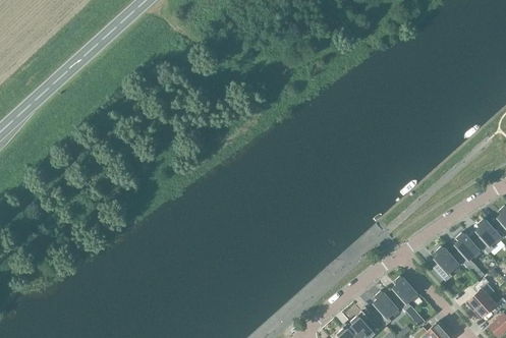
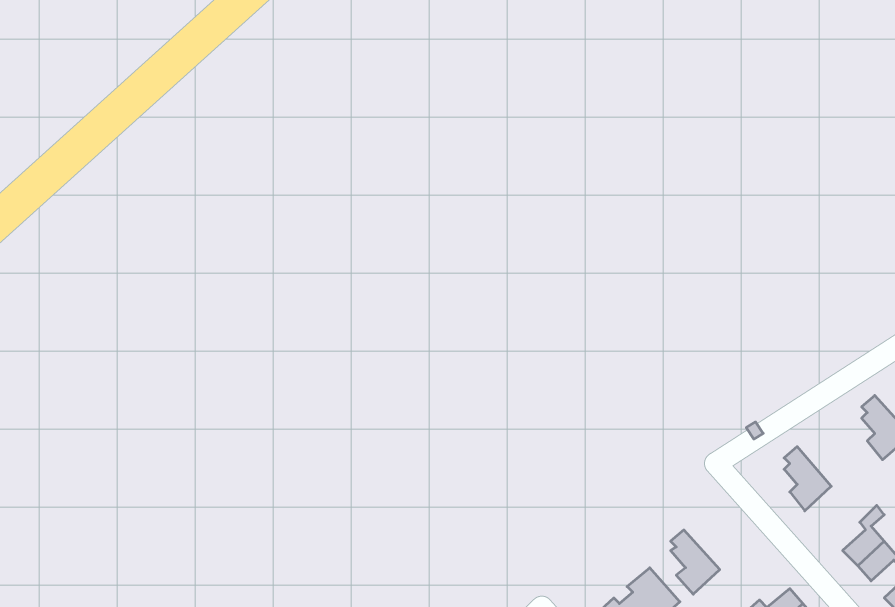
building: [455,231,482,266] -> none
building: [393,275,419,309] -> none

